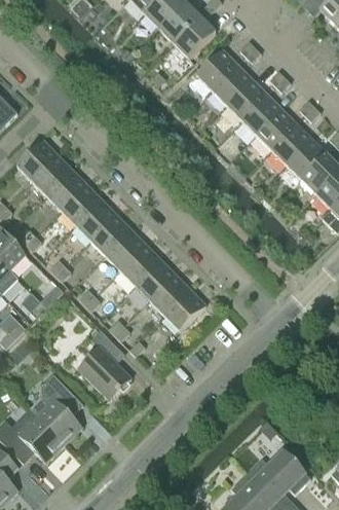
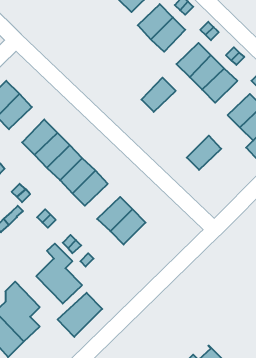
building: [227,79,267,119] -> [141,78,176,112]
building: [287,139,327,179] -> [187,136,221,170]
building: [46,170,87,211] -> none
building: [135,259,176,300] -> none
building: none -> [58,293,102,337]

